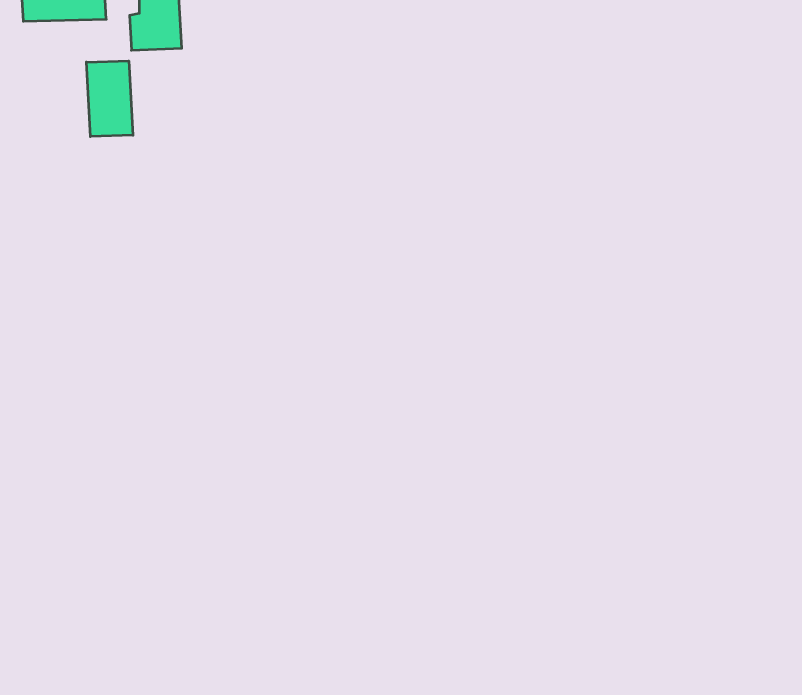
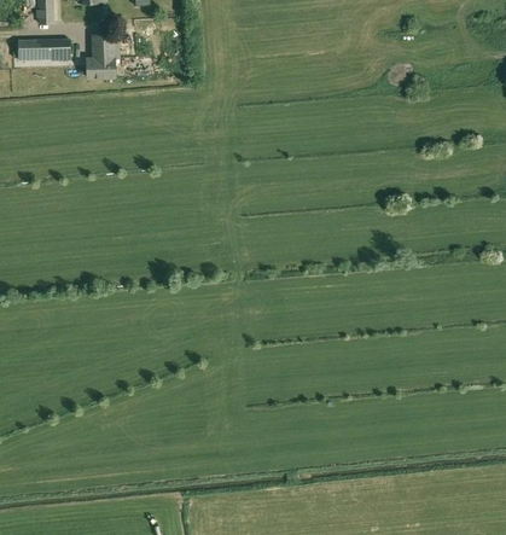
building: [86,61,133,137] -> none

